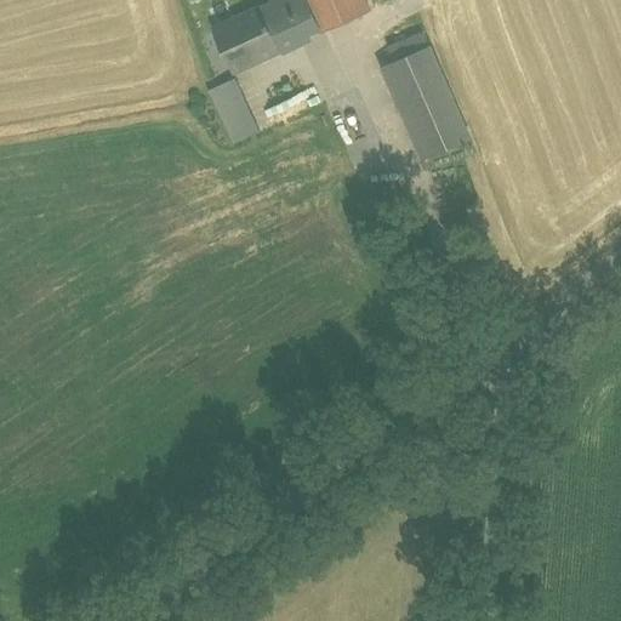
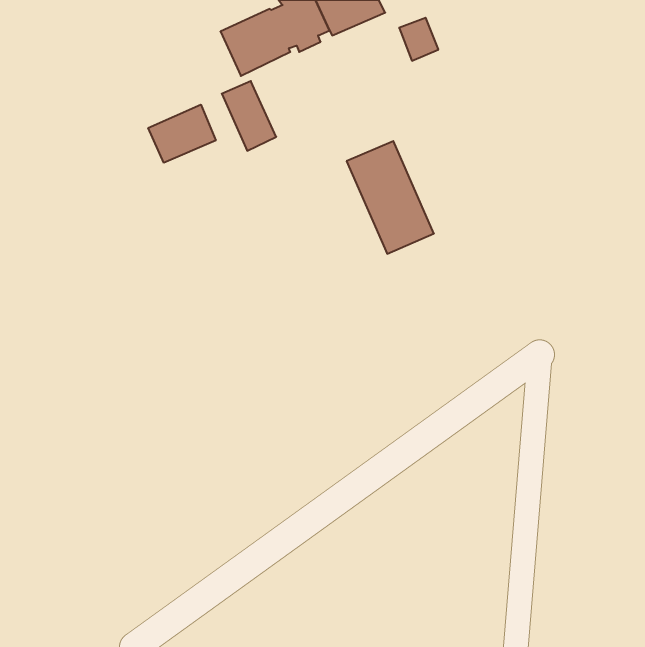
building: [382,50,466,158] -> [347,141,434,254]
building: none -> [148,105,216,163]

